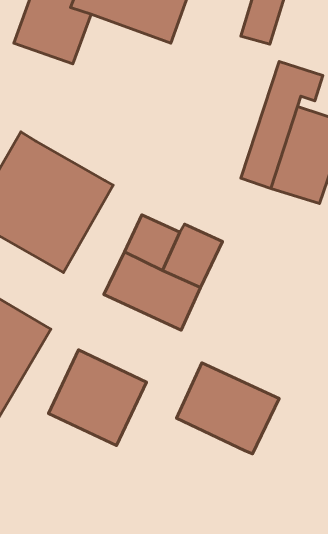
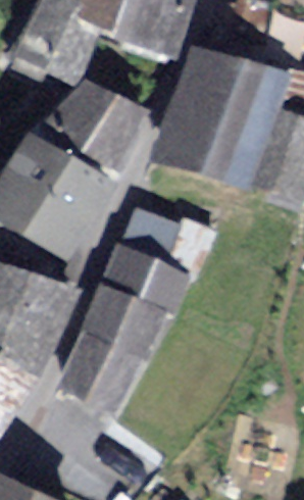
building: none -> [156,50,254,174]
building: none -> [39,79,136,177]
building: [177,363,279,454] -> [77,278,167,358]

